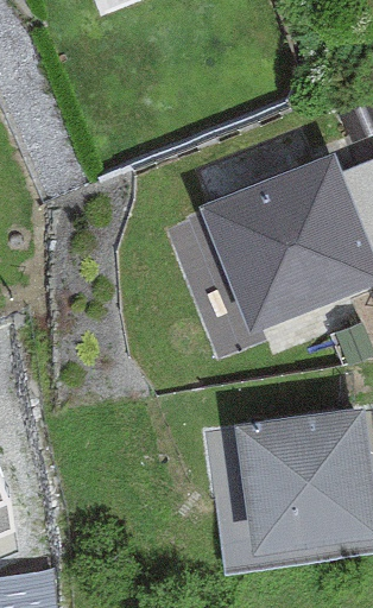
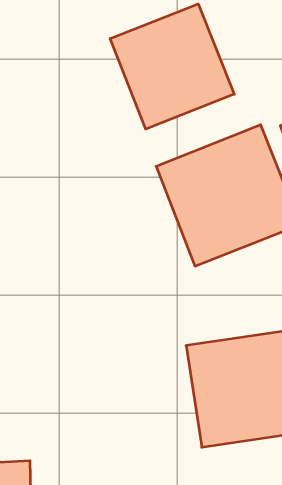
building: none -> [110,4,234,129]

